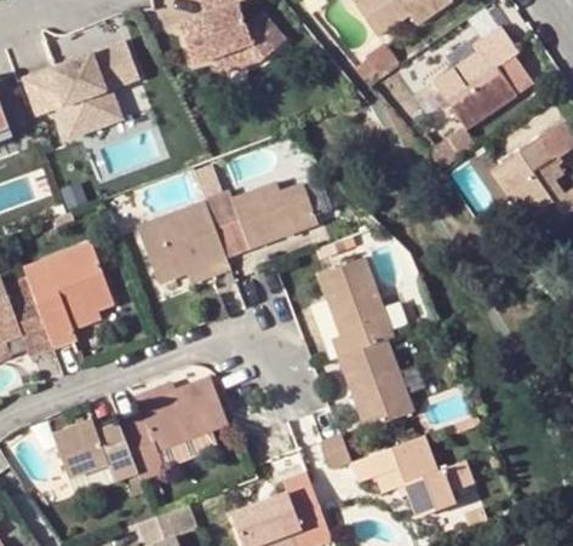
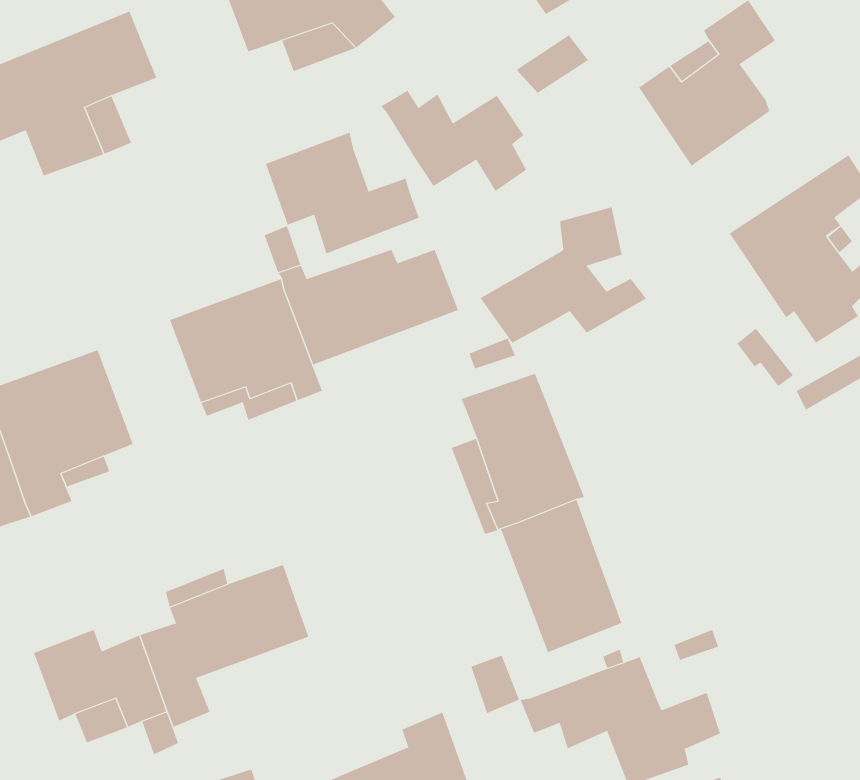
building: none -> [380,90,527,192]
building: none -> [265,132,420,254]
building: none -> [480,206,647,344]

